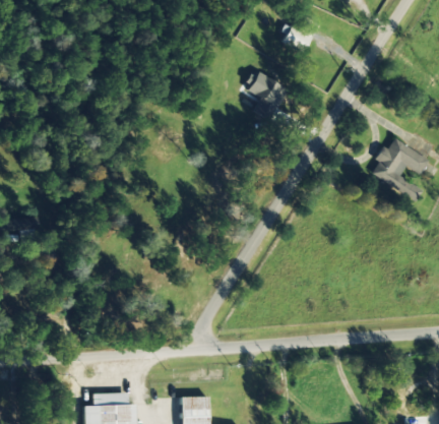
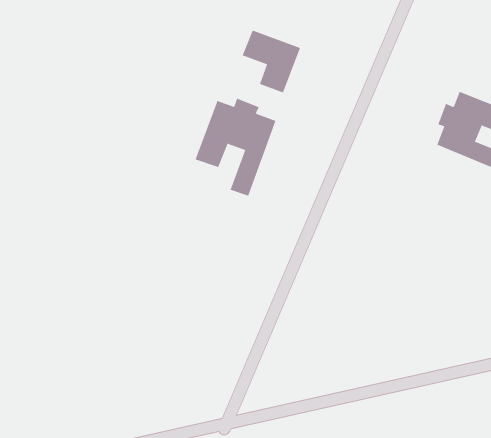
building: none -> [195,98,276,196]

